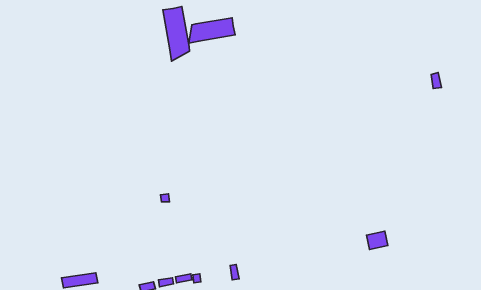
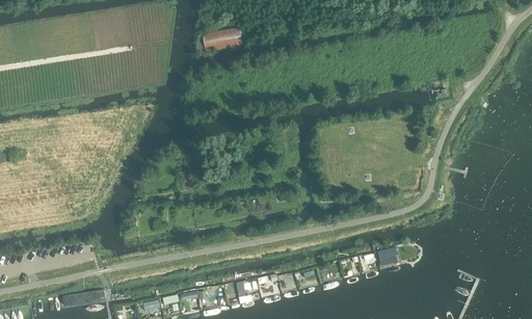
building: [163,7,190,61] -> none

